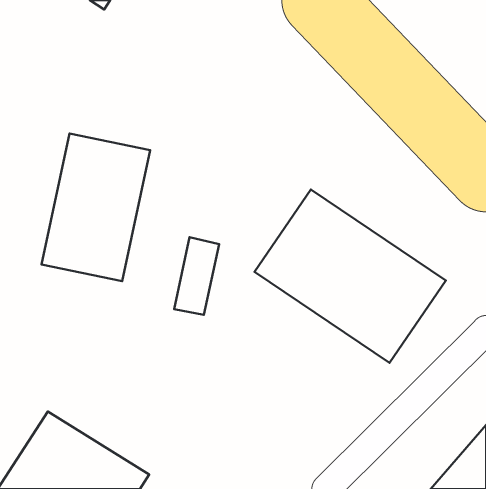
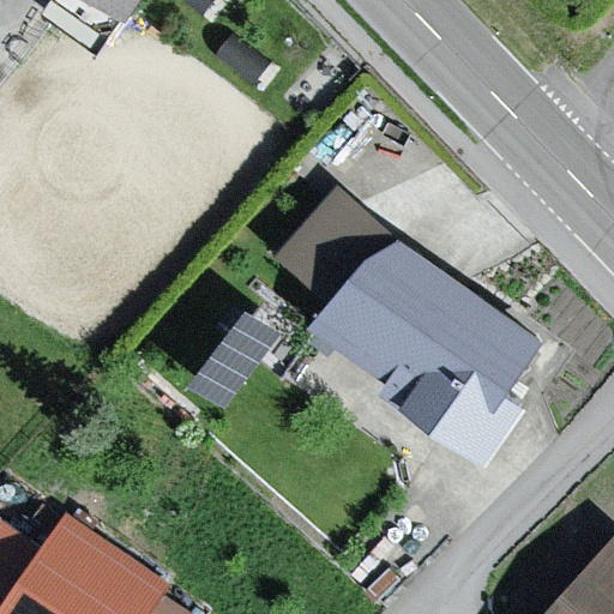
building: [42,134,150,281] -> none

